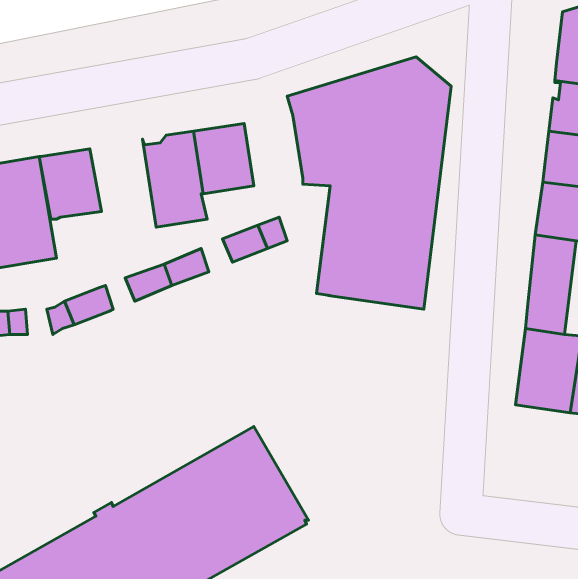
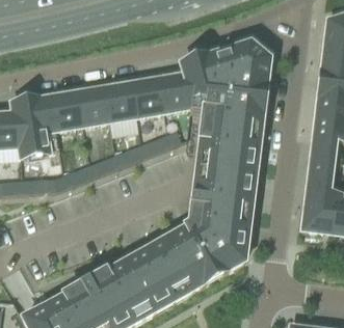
building: none -> [158,74,189,111]
building: none -> [76,86,109,125]
building: none -> [163,168,254,291]

